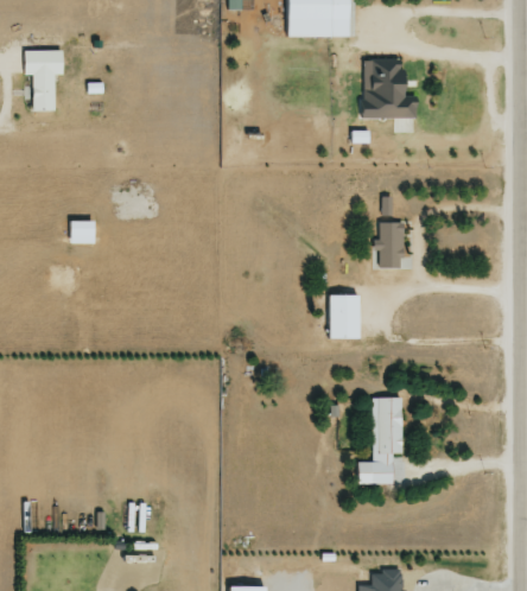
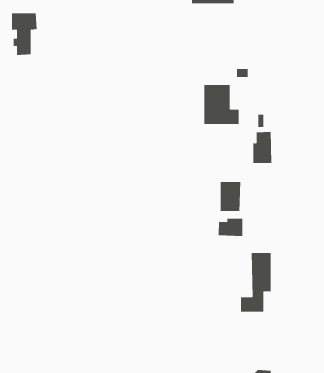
building: [364,59,417,117] -> [204,84,240,125]
building: [70,221,95,243] -> none
building: none -> [218,218,243,237]

